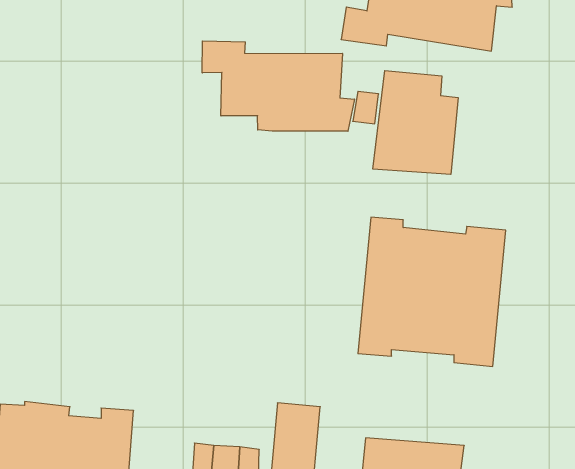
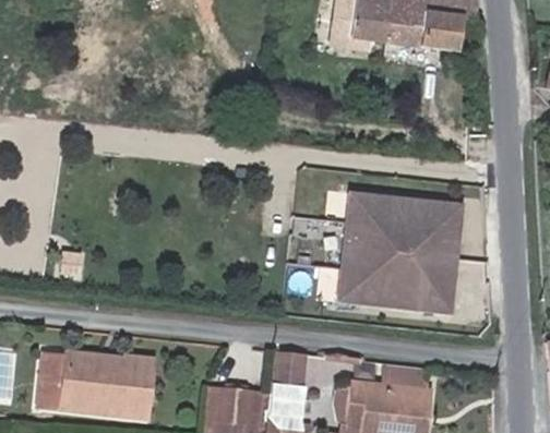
building: [202,41,354,131] -> none
building: [373,71,458,174] -> none

